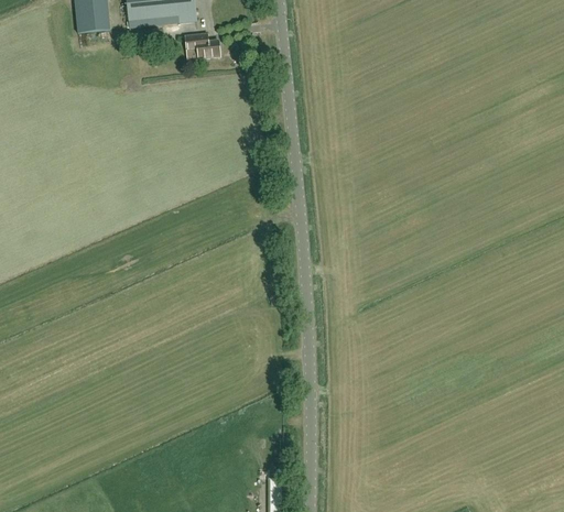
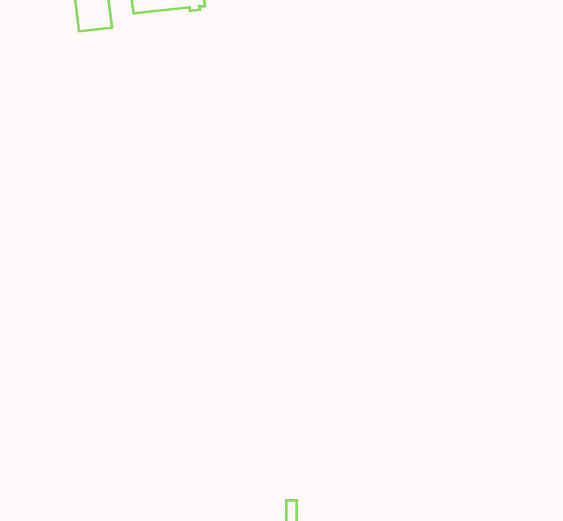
building: [185,34,220,58] -> none

